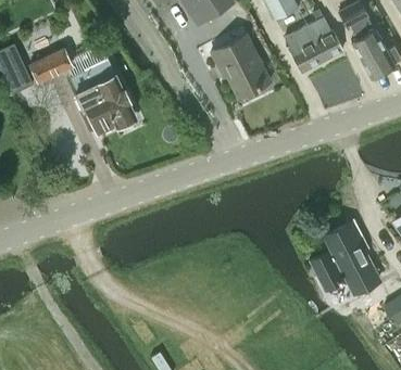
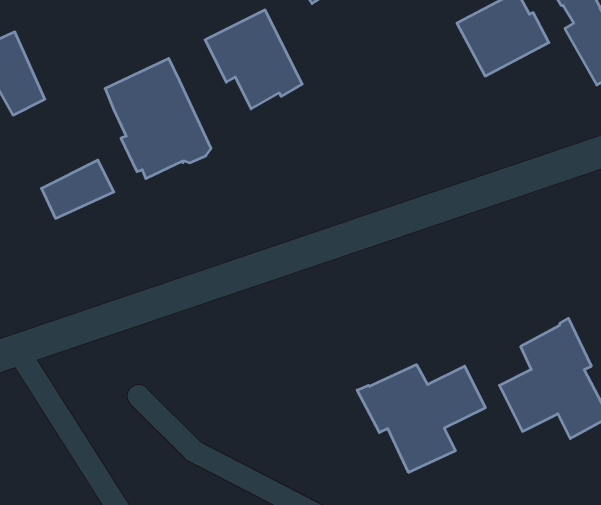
building: [211,36,271,97] -> [205,10,302,109]
building: [29,49,74,85] -> [41,160,114,218]
building: none -> [357,365,485,472]

